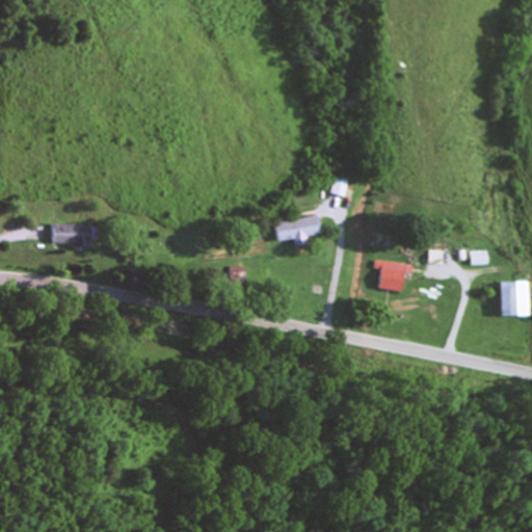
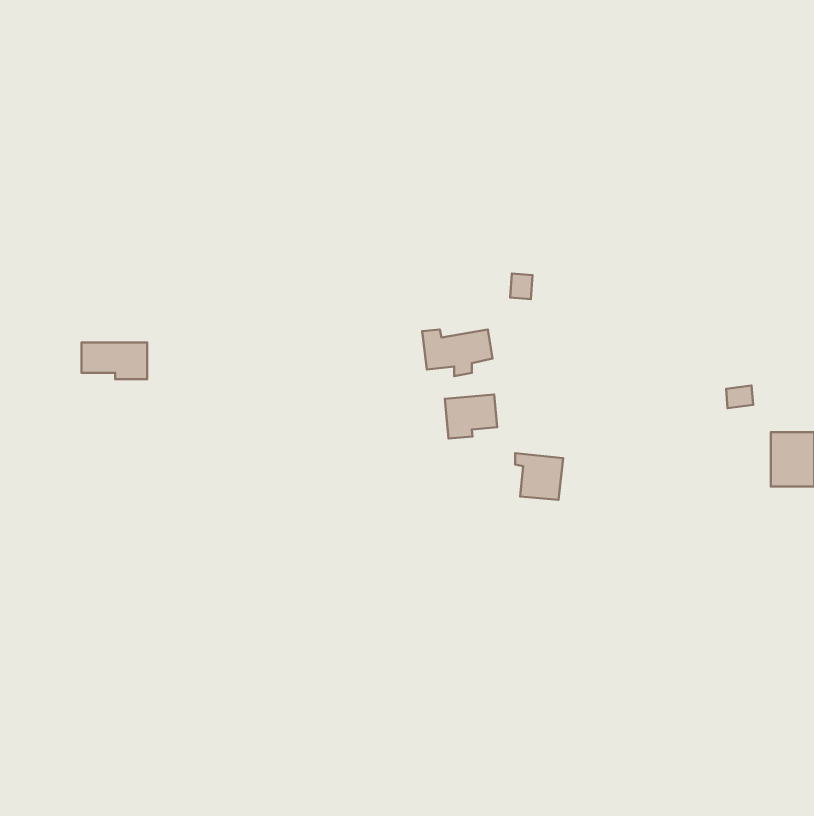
building: none -> [445,394,497,439]
building: [375,262,406,292] -> [515,453,563,500]

